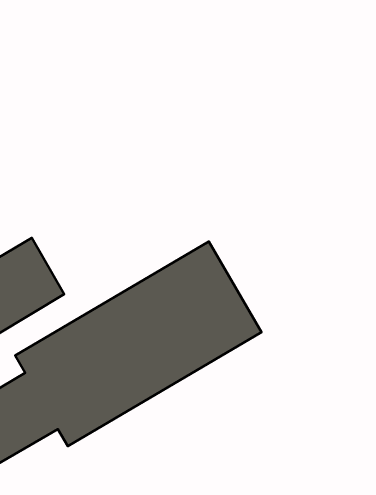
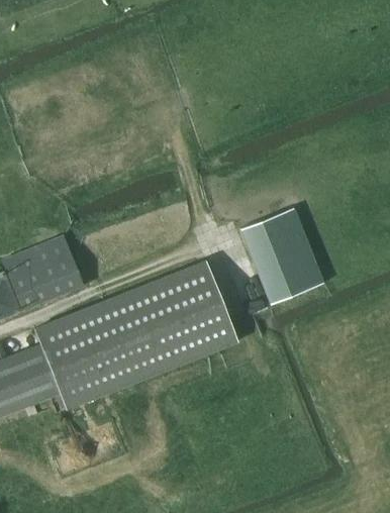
building: none -> [240,207,323,303]

